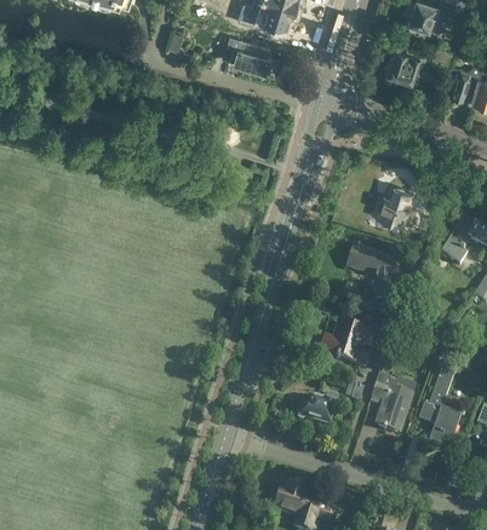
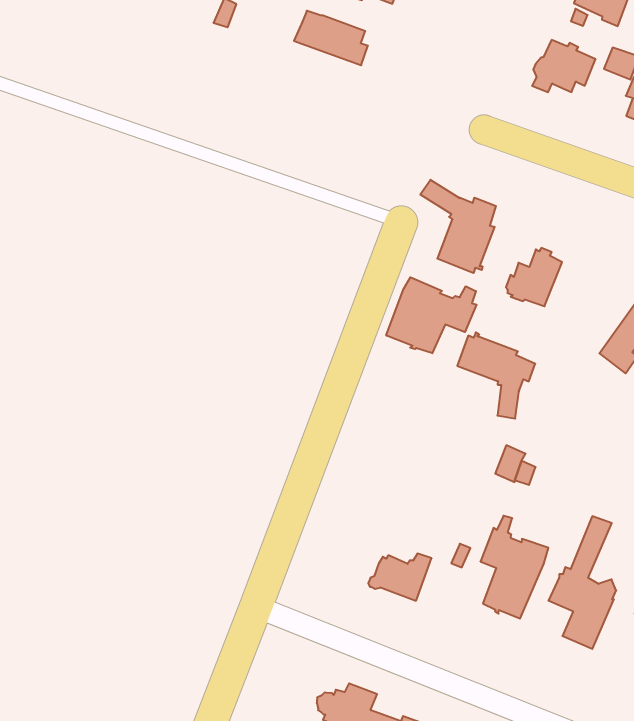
building: none -> [420,180,496,273]
building: none -> [386,277,477,353]
building: [319,319,369,364] -> none

